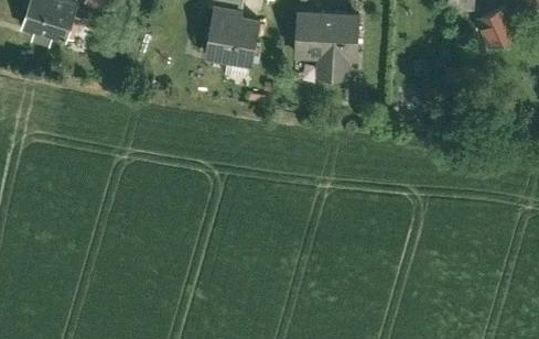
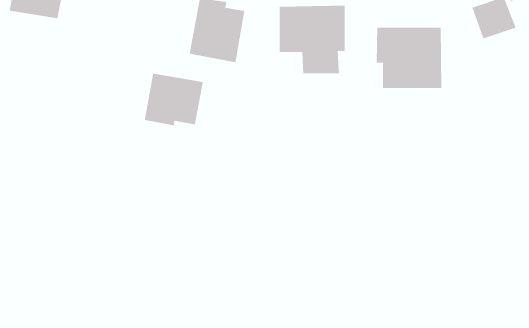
building: none -> [376,27,442,89]
building: none -> [144,73,203,126]

